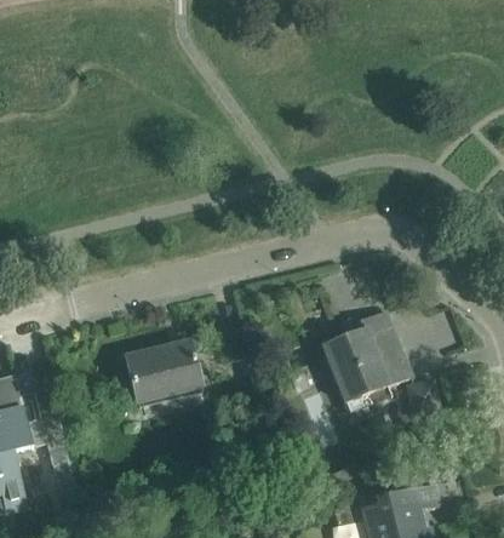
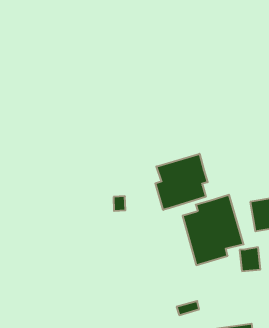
building: none -> [155,154,208,210]
building: [126,343,202,399] -> none

